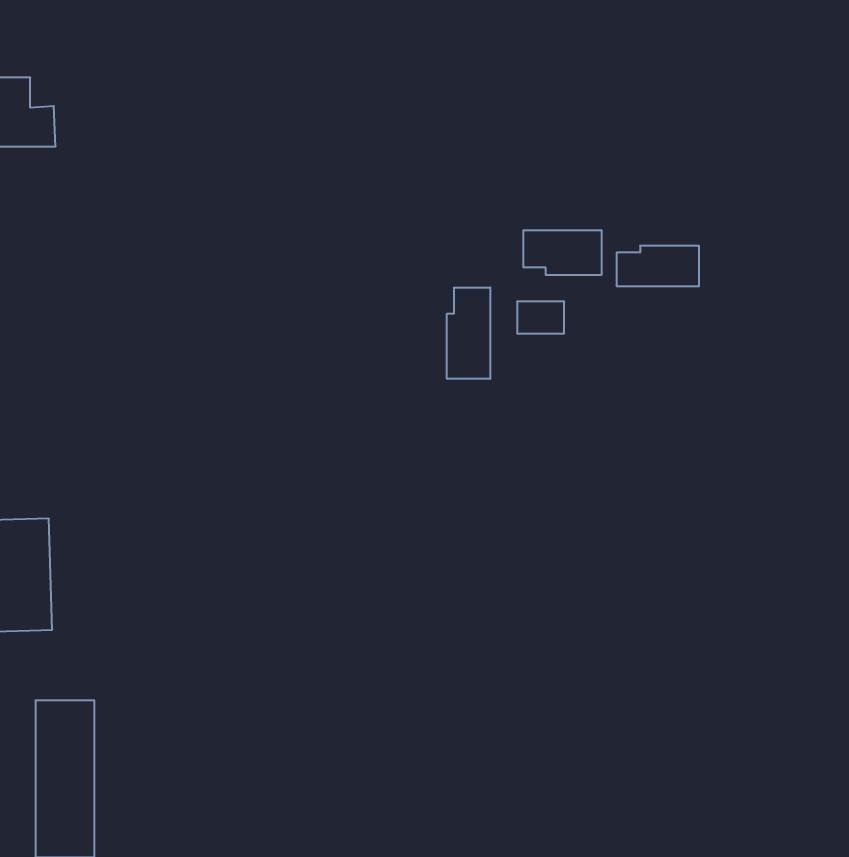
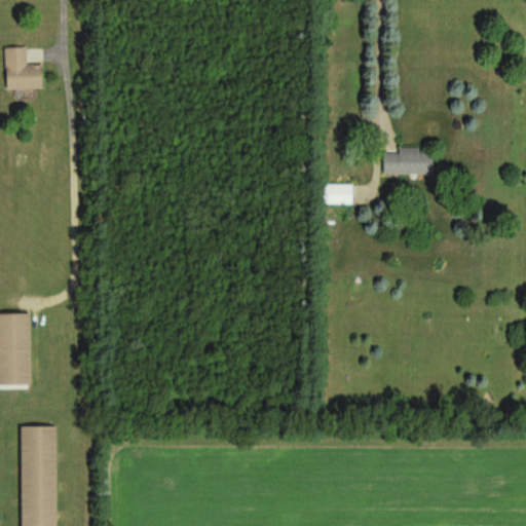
building: [524,230,601,275] -> none
building: [447,287,490,379] -> none

